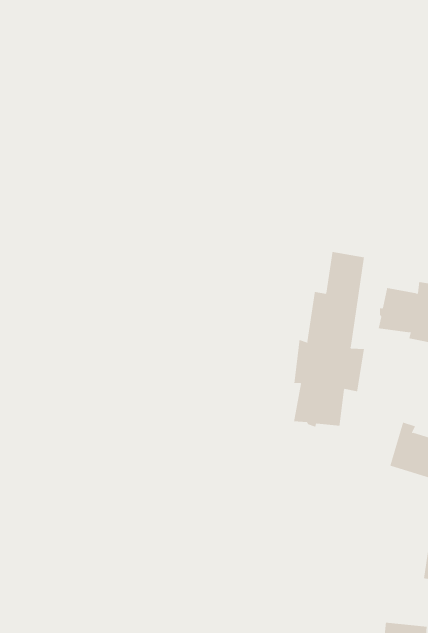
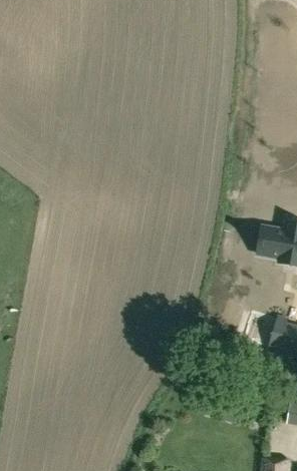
building: [293,251,364,428] -> none

